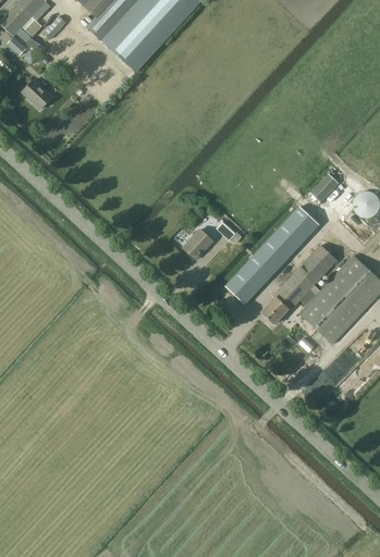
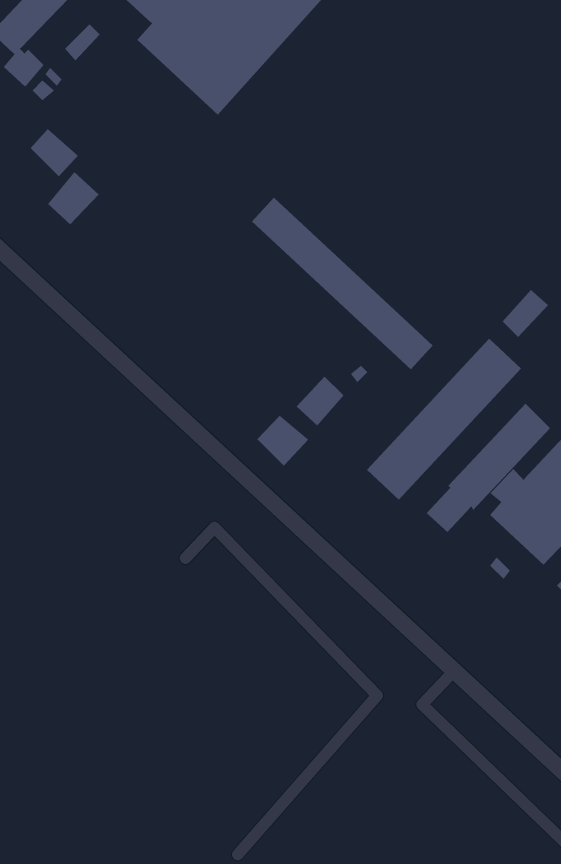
building: none -> [47,171,100,225]
building: none -> [251,197,433,370]
building: none -> [256,415,309,466]

